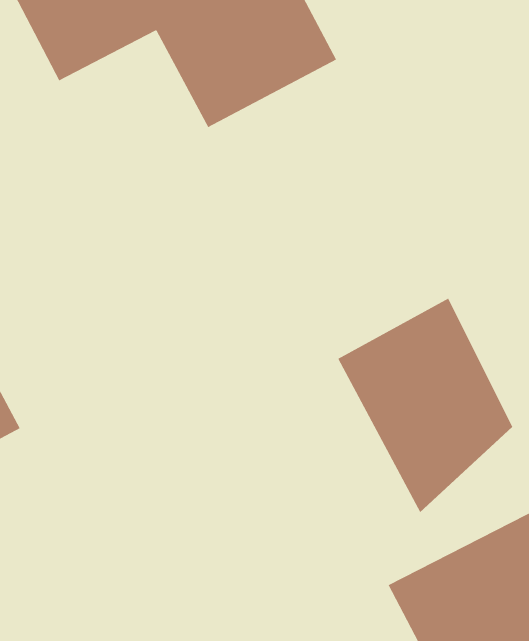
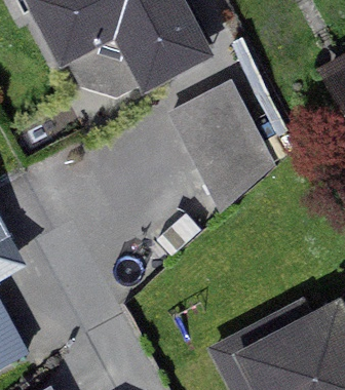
building: [337,297,513,513] -> [166,79,267,202]

